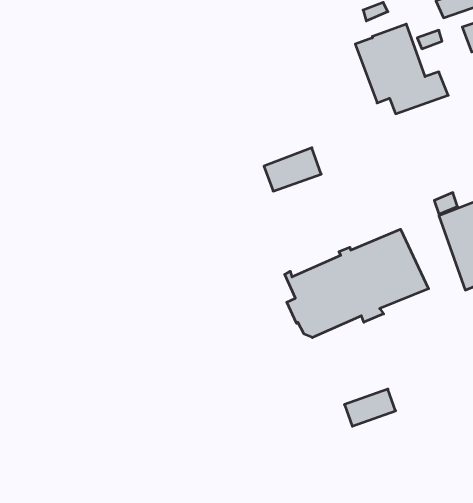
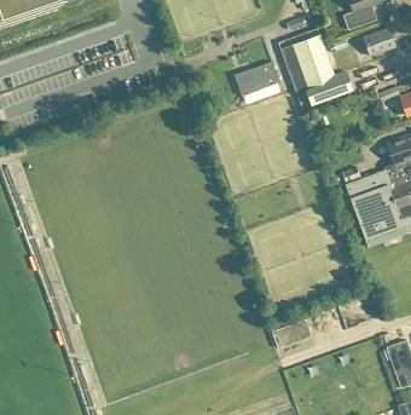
building: [264,148,321,191] -> [236,59,280,93]
building: [285,229,429,338] -> none

